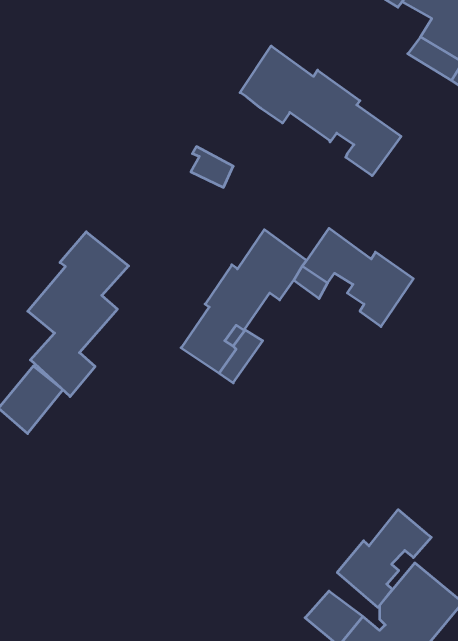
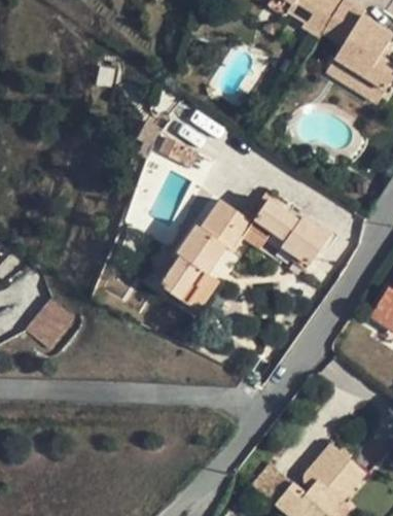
building: [240,46,401,176] -> none
building: [28,232,129,397] -> none
building: [337,510,431,607] -> none

